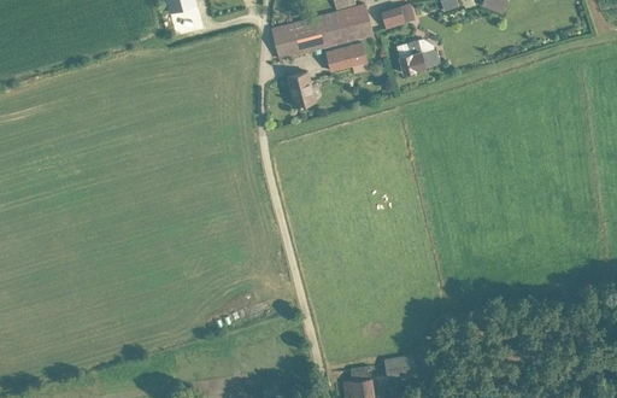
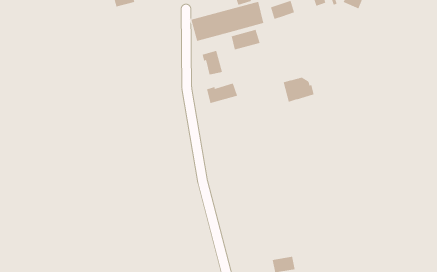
building: [396,39,440,74] -> [283,77,315,102]
building: none -> [206,81,238,104]

